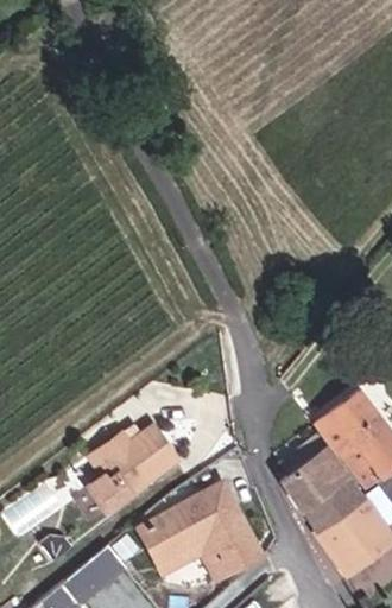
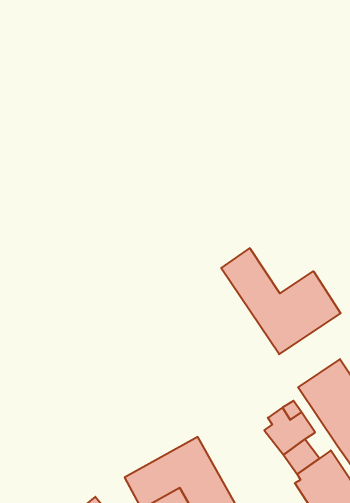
building: none -> [221,248,341,354]
building: [86,425,183,518] -> none

